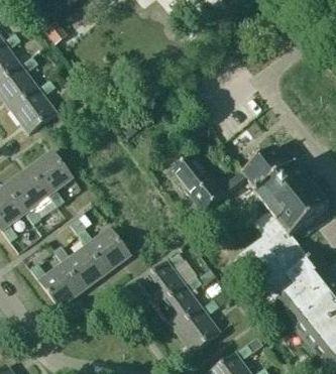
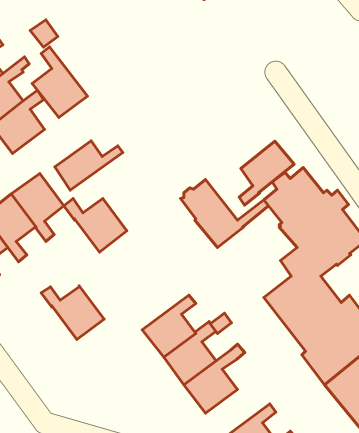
building: none -> [32,47,88,117]
building: none -> [55,141,123,190]
building: none -> [239,141,294,205]
building: [77,228,130,273] -> [64,199,127,252]
building: [30,262,84,307] -> none

